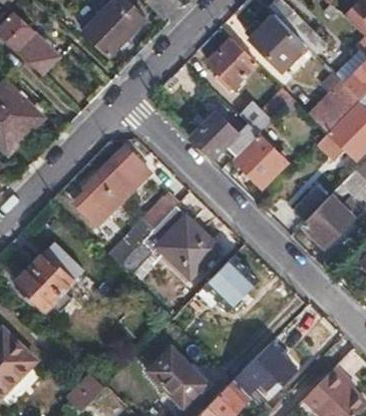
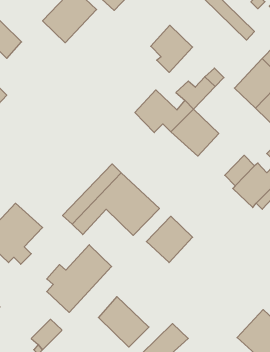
building: [250,14,305,69] -> none
building: [74,149,149,228] -> none
building: none -> [47,245,112,312]
building: [236,344,298,392] -> none

